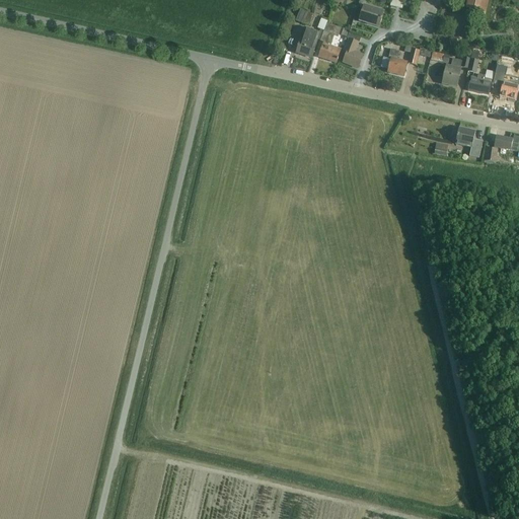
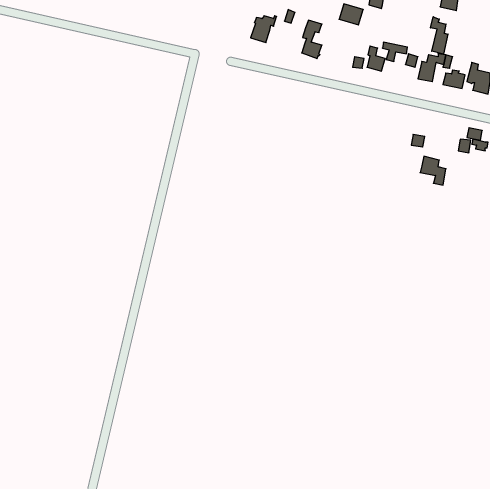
building: none -> [431,17,448,54]
building: [295,28,322,57] -> [251,16,277,43]
building: [343,31,362,67] -> none
building: [454,127,481,157] -> [420,156,446,185]

